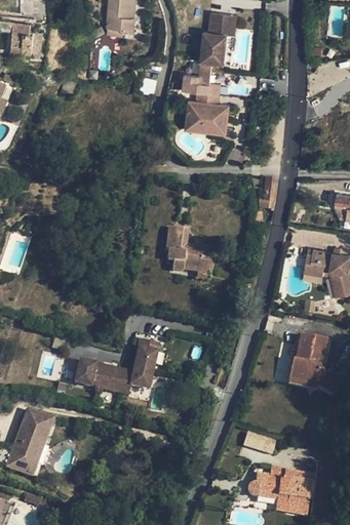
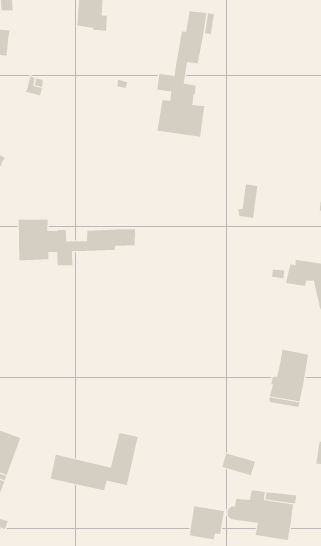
building: none -> [18,219,136,266]
building: [165,227,211,271] -> none
building: [74,338,158,394] -> [50,432,138,491]
building: none -> [189,505,225,540]

